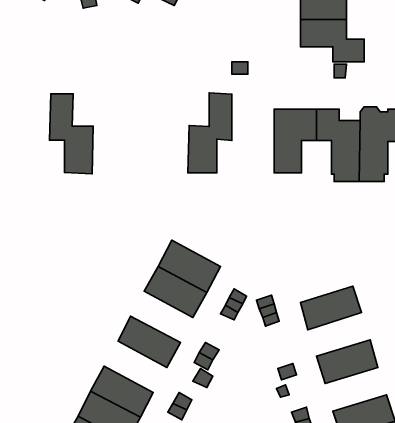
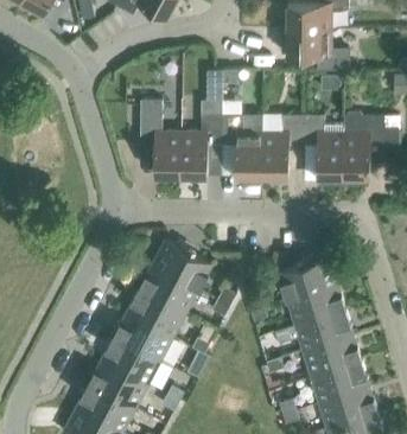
building: [50,94,93,174] -> [140,100,182,175]
building: none -> [222,114,262,175]
building: none -> [278,256,337,299]
building: none -> [126,288,185,337]
building: none -> [275,308,354,350]
building: none -> [101,336,160,384]
building: none -> [311,360,369,402]

